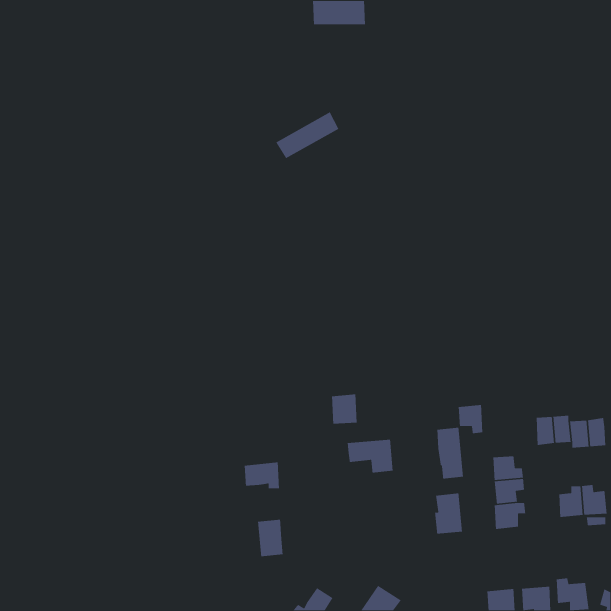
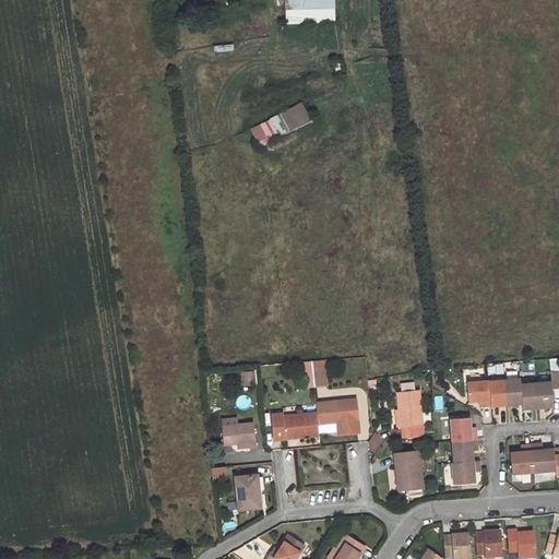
building: [458,404,483,434] -> [467,381,490,408]
building: none -> [272,413,320,439]

